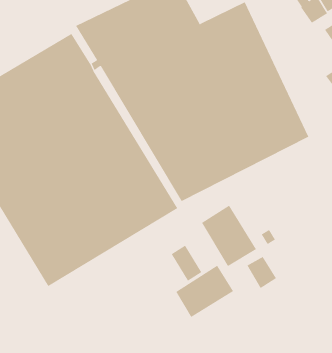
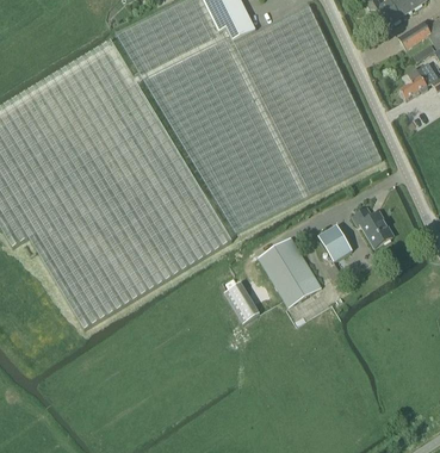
building: none -> [351,206,395,248]
building: [246,256,277,289] -> [317,225,352,262]
building: [175,265,234,318] -> none

